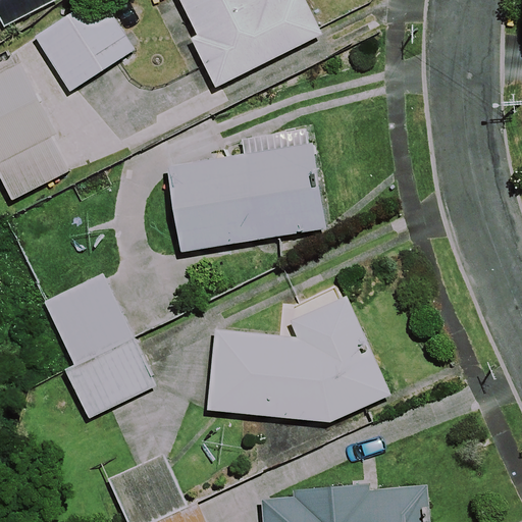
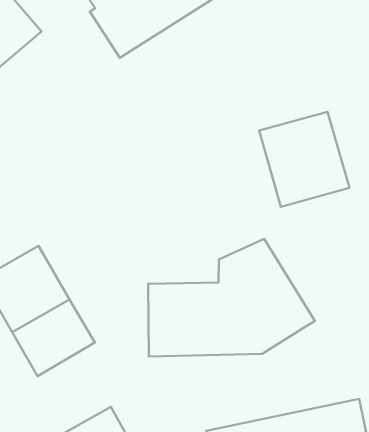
building: [162,125,323,251] -> none
building: none -> [259,112,349,207]

